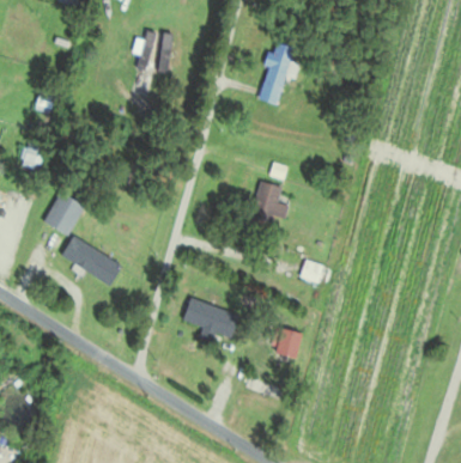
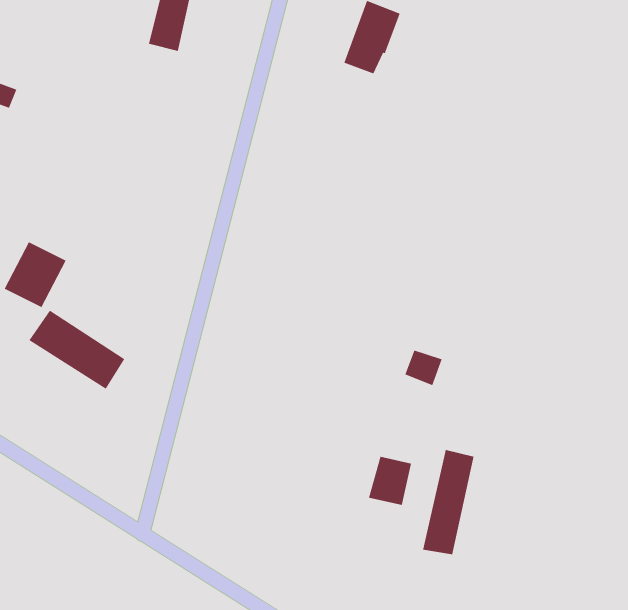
building: [250,182,284,224] -> none
building: [183,299,241,339] -> none
building: none -> [422,449,474,555]

